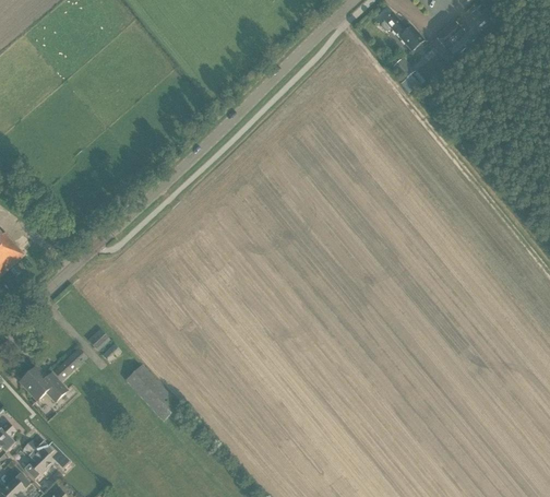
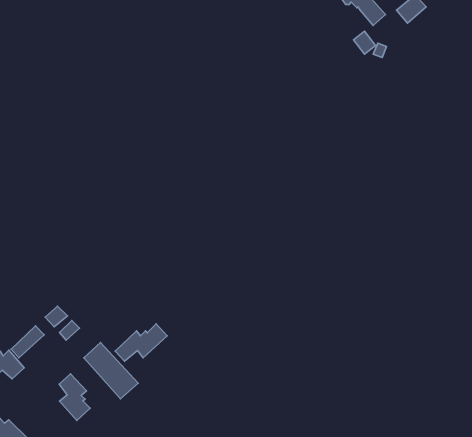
building: none -> [115,324,167,361]
building: none -> [59,374,90,420]

